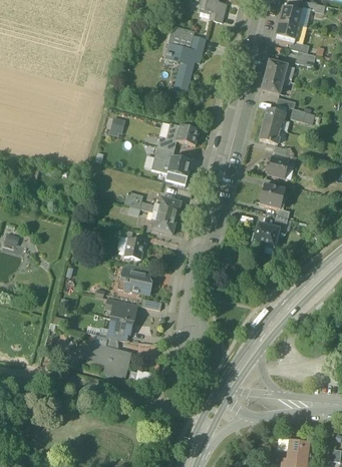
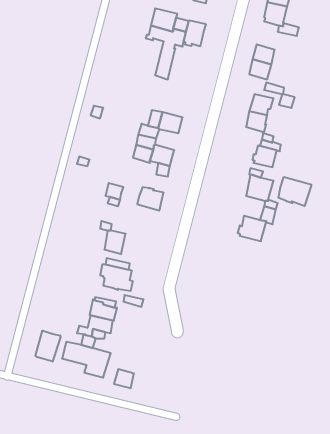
building: none -> [184,20,206,46]
building: none -> [279,177,311,206]
building: [152,212,178,235] -> none
building: none -> [35,331,60,362]

